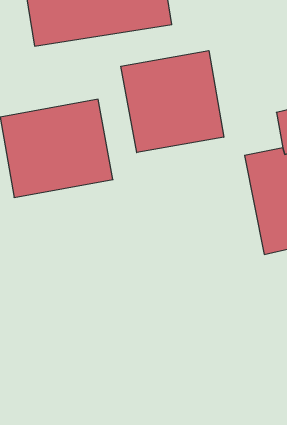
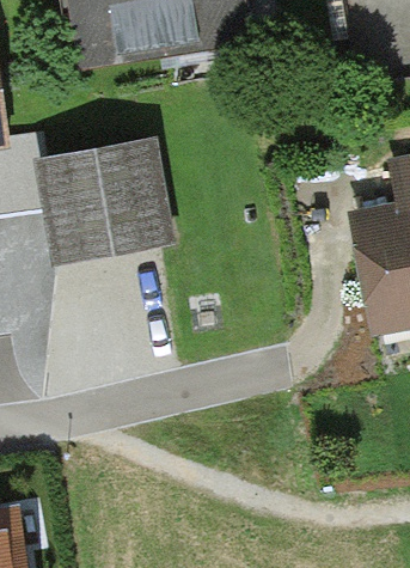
building: [121,51,224,153] -> none

